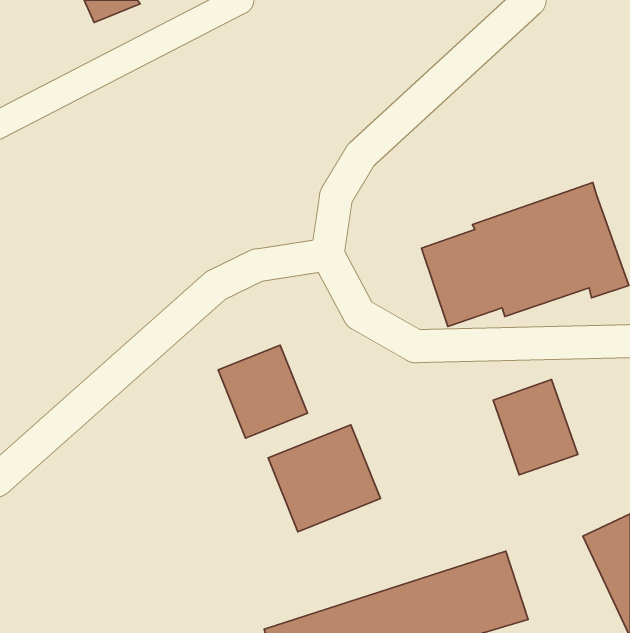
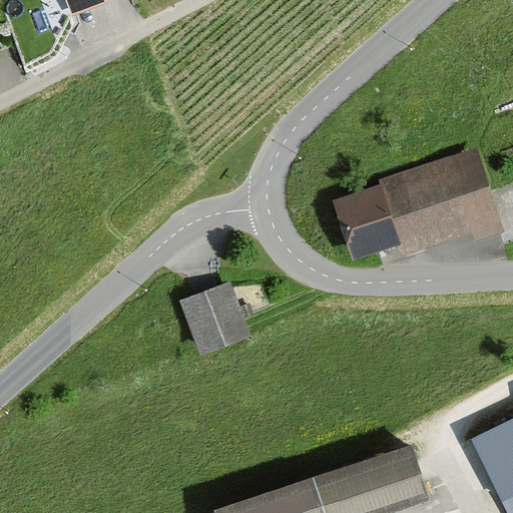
building: [493,380,578,475] -> none
building: [268,425,380,532] -> none

